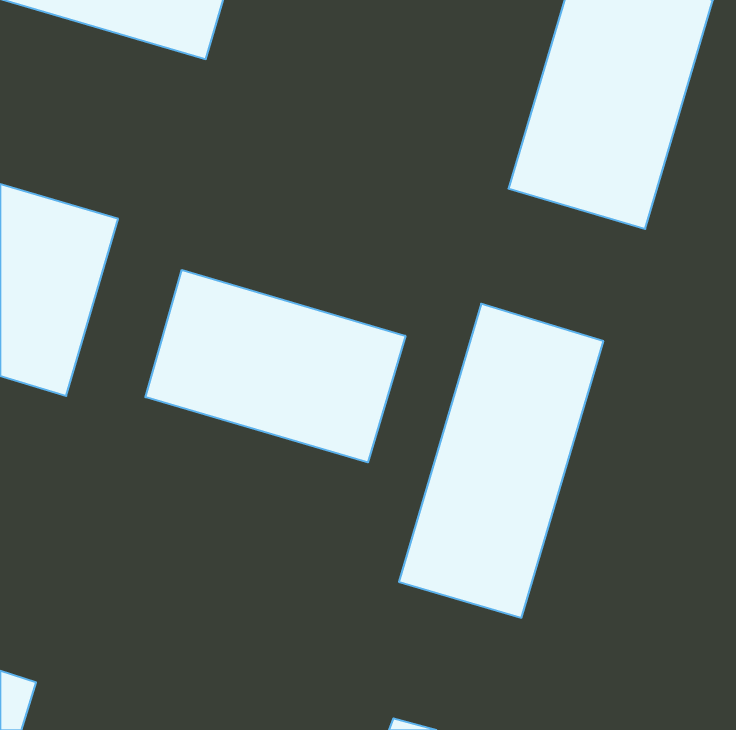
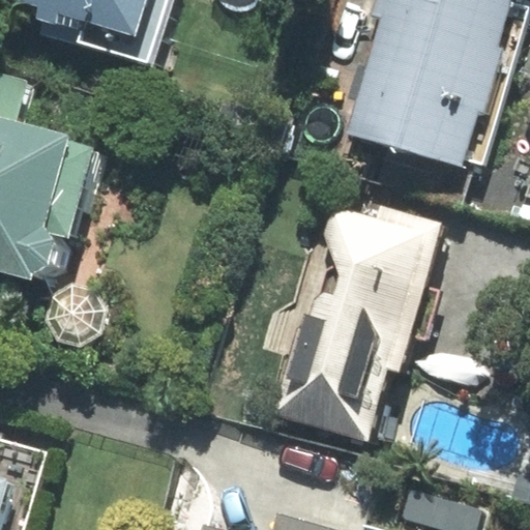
building: [145,270,405,462] -> none

